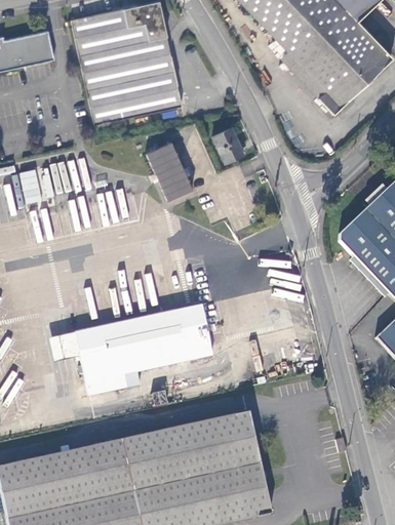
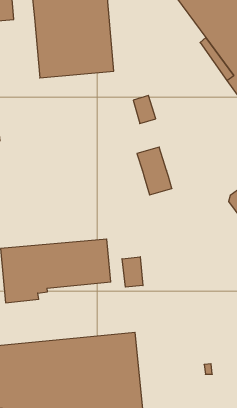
building: [146,140,193,199] -> [137,147,172,195]
building: none -> [122,257,143,287]

